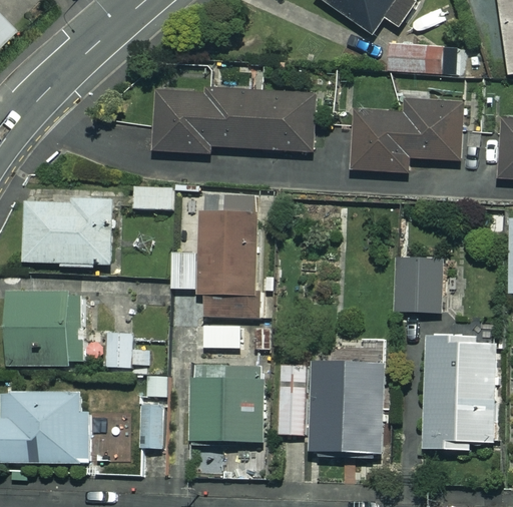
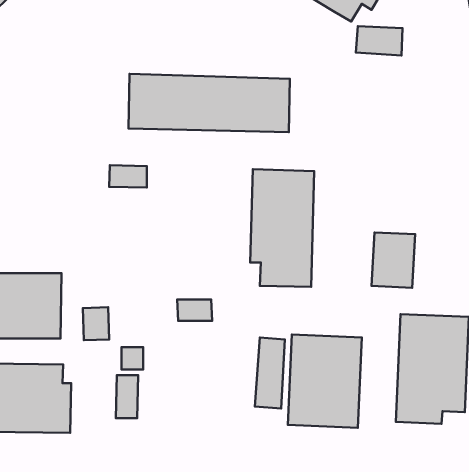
building: [349,97,465,174] -> none
building: [20,194,110,263] -> none
building: [192,196,259,318] -> [250,169,314,287]
building: [190,373,261,440] -> none

